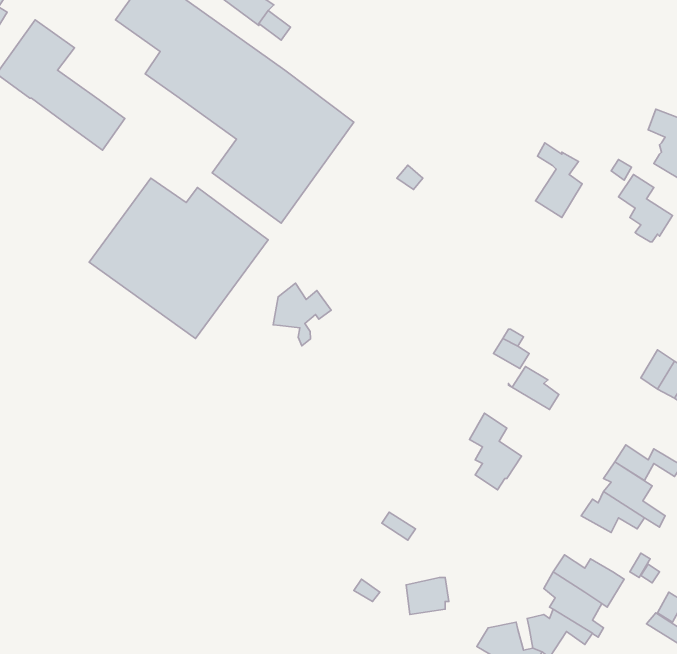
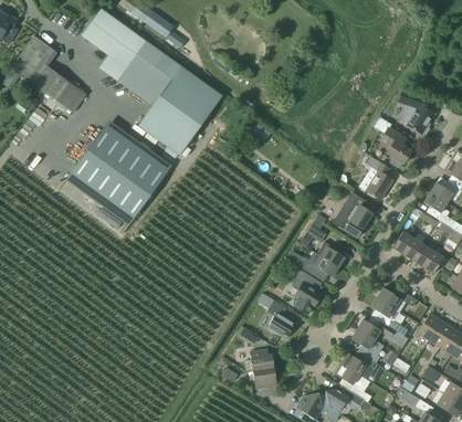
building: [536,143,582,218] -> [365,156,392,200]
building: none -> [333,191,372,238]
building: [273,283,331,346] -> none
building: none -> [298,252,338,276]
building: none -> [266,299,295,338]
building: none -> [350,329,384,362]
building: none -> [244,349,273,371]

